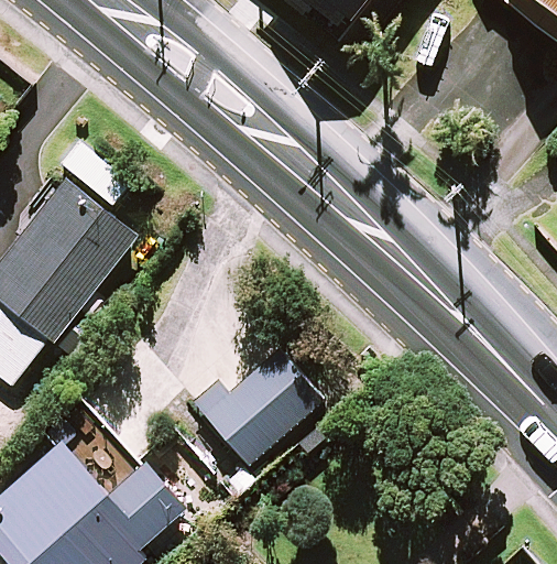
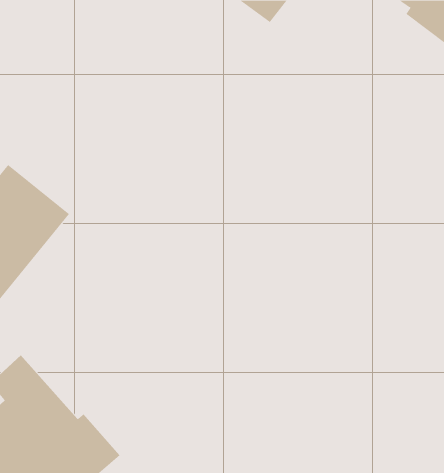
building: [192,349,323,467] -> none

